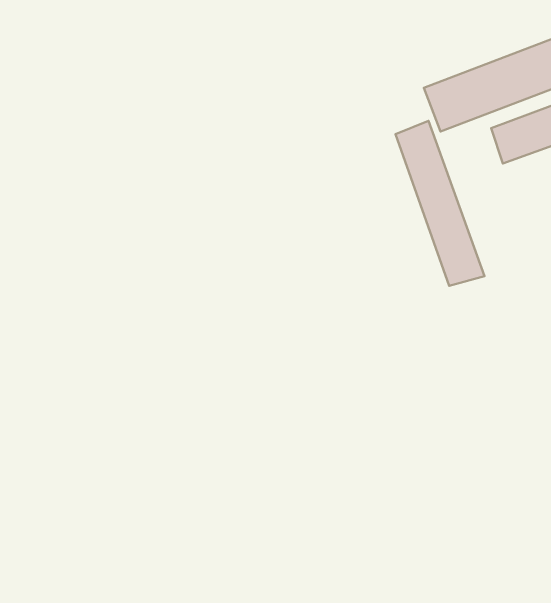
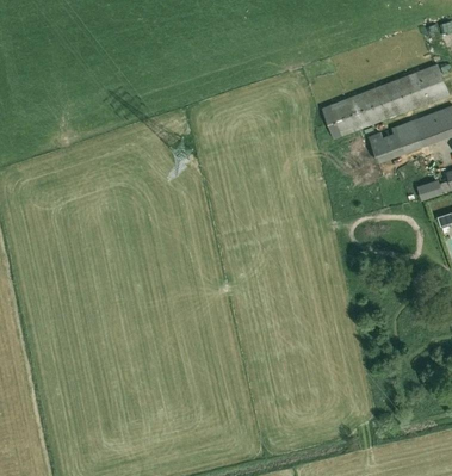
building: [395,121,485,286] -> none

